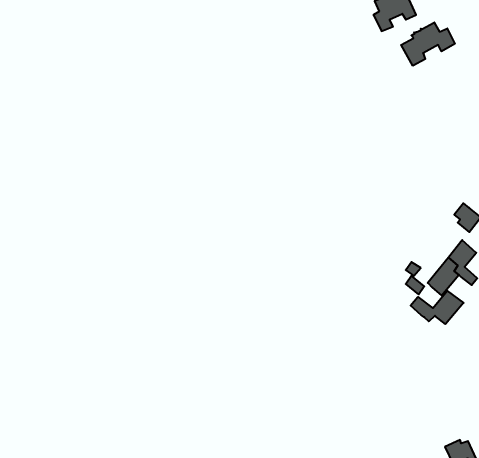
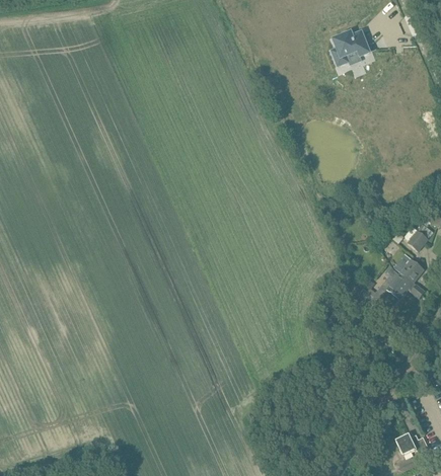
building: [401,22,455,66] -> none
building: [411,291,464,324] -> none

